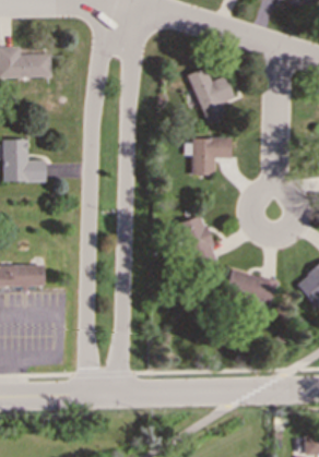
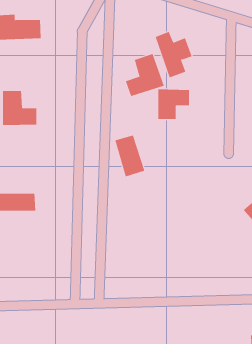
building: none -> [125,53,164,97]
building: [180,215,217,266] -> [114,135,145,177]
building: [225,267,277,304] -> none

